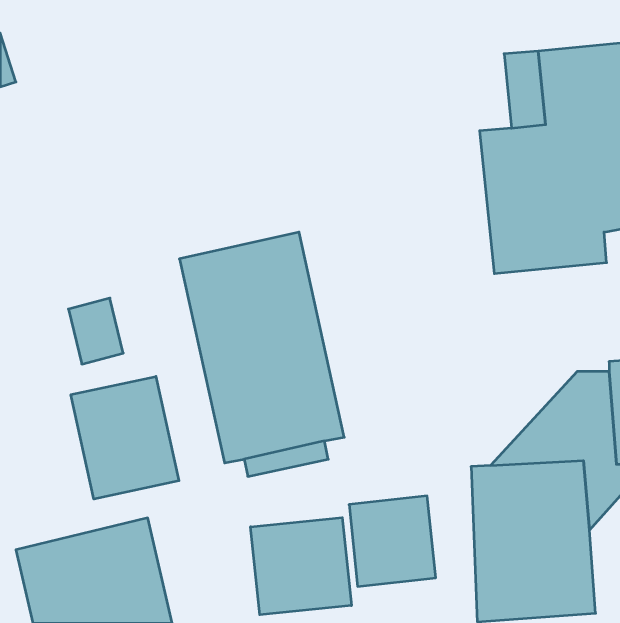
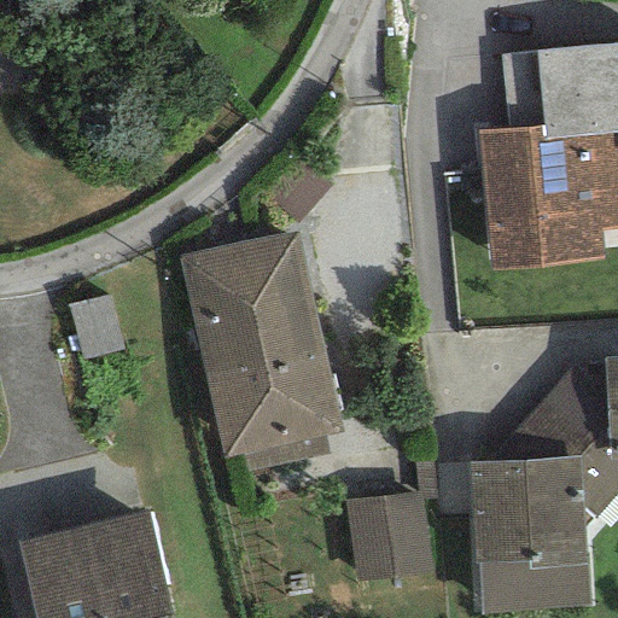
building: [71,376,179,499] -> none
building: [251,518,351,615] -> none

